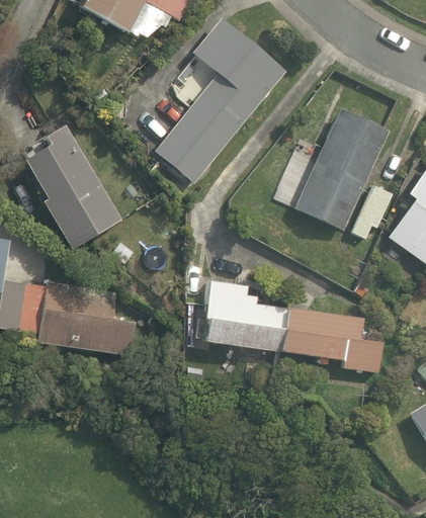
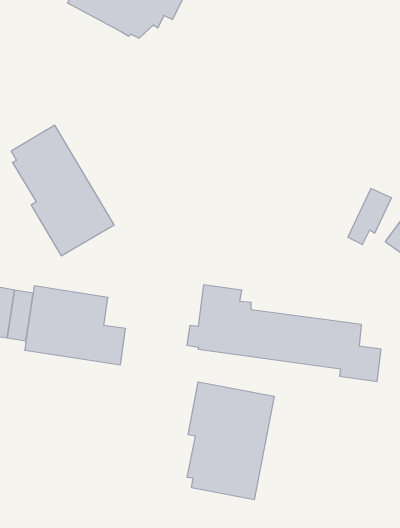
building: [153,17,286,184] -> none
building: [294,107,390,230] -> none
building: none -> [187,382,274,500]

